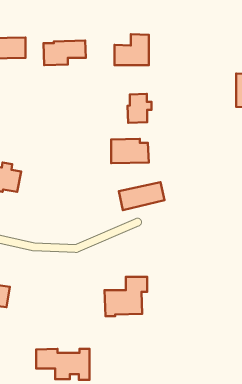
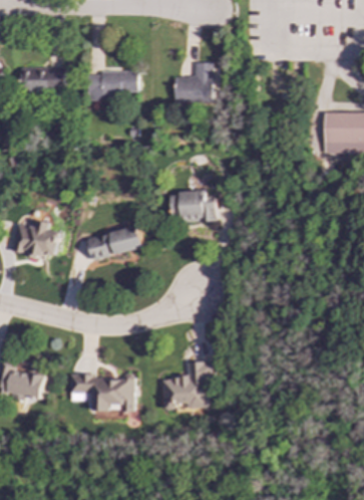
building: [128,94,151,123] -> none
building: [119,182,165,210] -> [86,226,142,260]
building: [36,349,89,380] -> [68,373,133,412]

